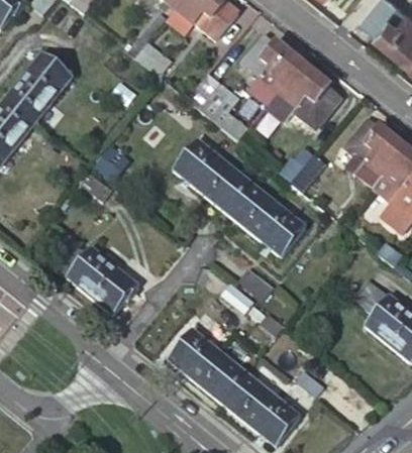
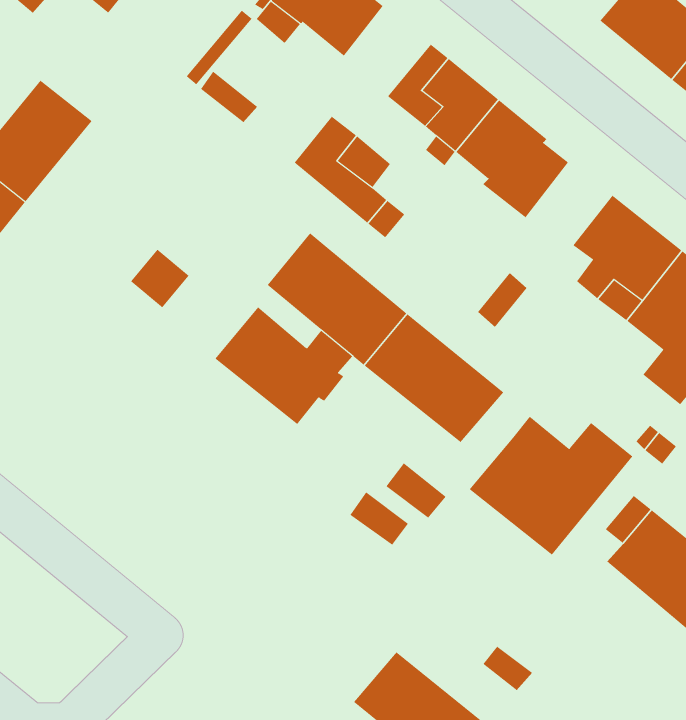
building: none -> [469,416,633,556]
building: [66,245,143,312] -> [215,306,353,425]
building: [166,328,244,402] -> none

